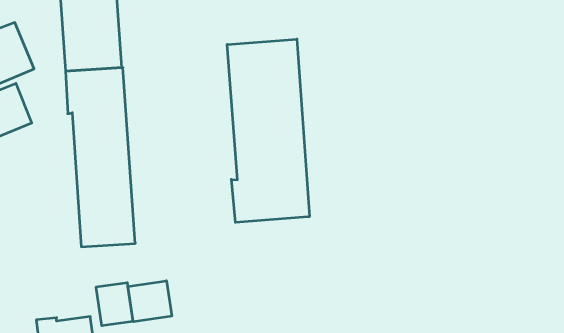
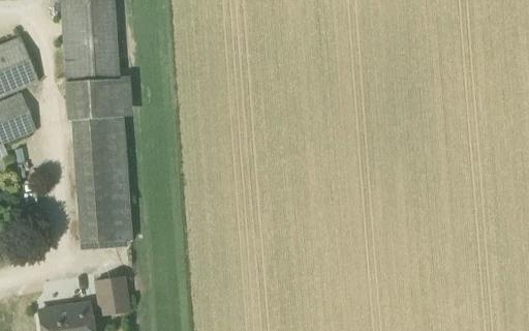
building: [227,39,309,222] -> none
building: [128,281,172,322] -> none

